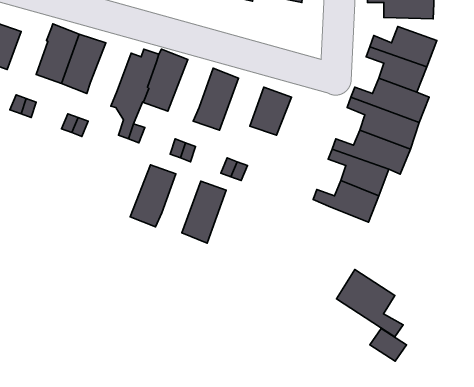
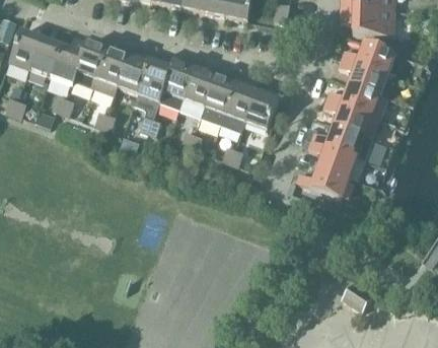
building: none -> [51,39,86,84]
building: none -> [118,55,150,93]
building: [130,165,176,227] -> [179,68,216,118]
building: [182,181,226,243] -> [221,83,257,133]
building: [336,269,403,337] -> none

